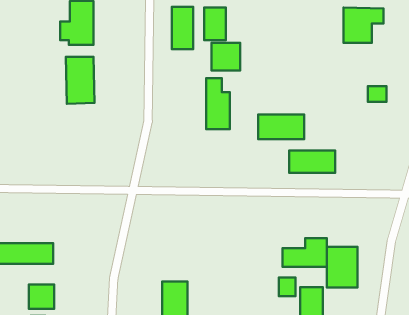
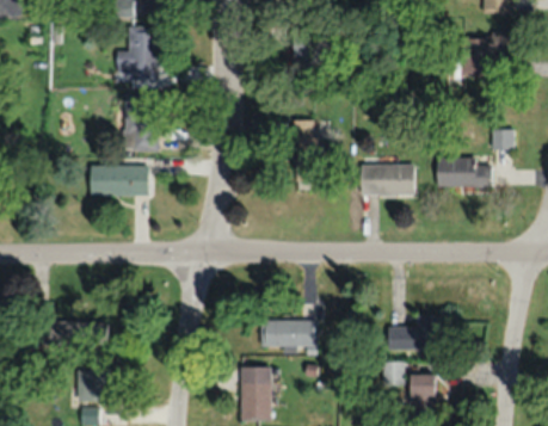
building: [172,7,193,49] -> none
building: [212,43,240,71] -> none
building: none -> [90,166,148,196]
building: [289,150,335,173] -> [436,160,492,187]
building: none -> [261,321,318,348]
building: [327,247,357,288] -> none

